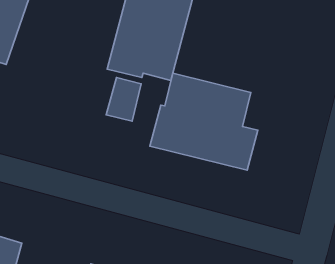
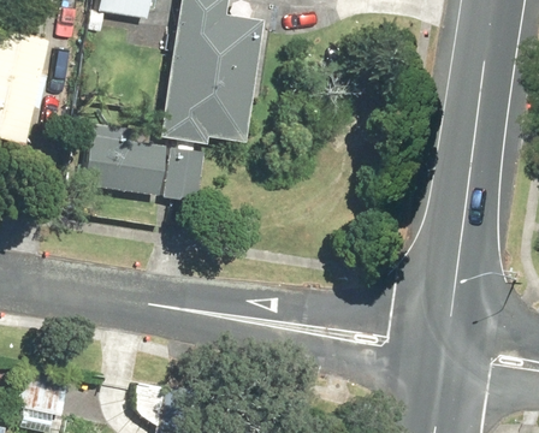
building: none -> [84,121,168,196]
building: [150,73,258,170] -> none

